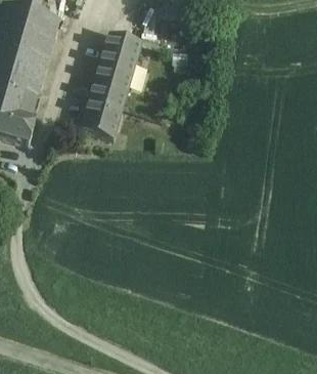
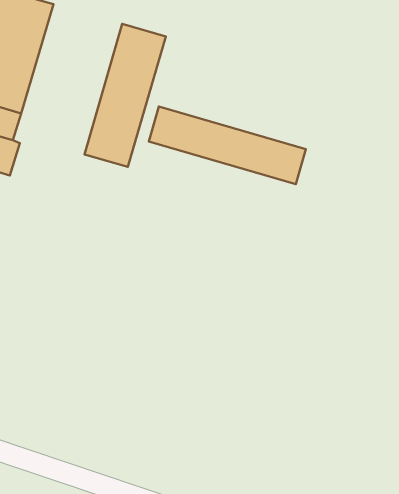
building: none -> [149,107,306,184]

